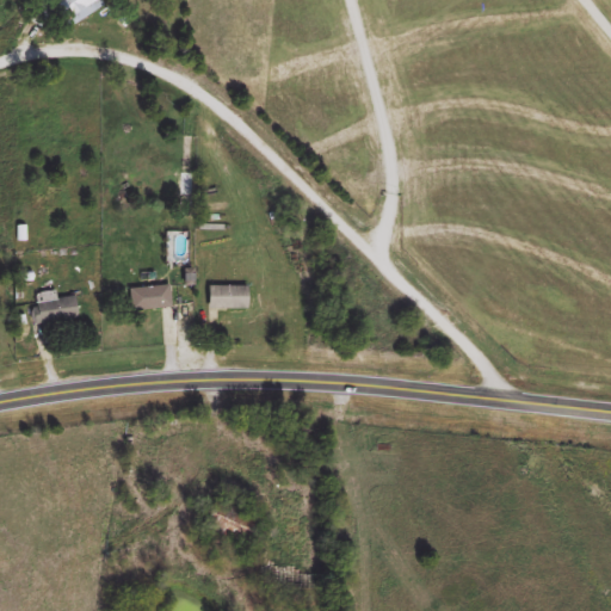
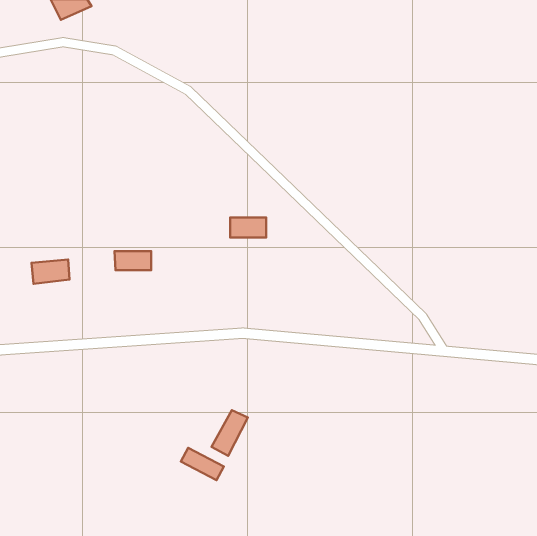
building: [209,284,249,307] -> [230,217,266,237]
building: none -> [212,410,248,456]

